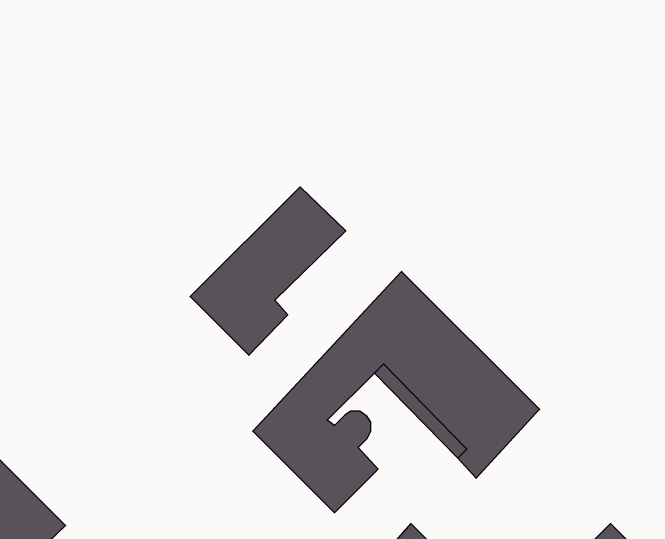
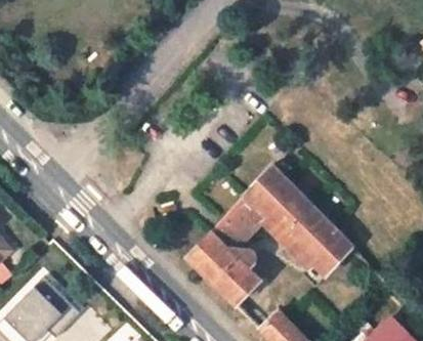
building: [190,187,346,355] -> none

